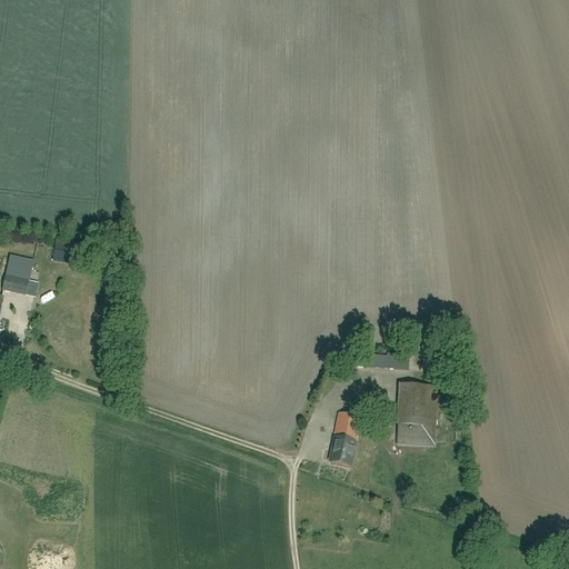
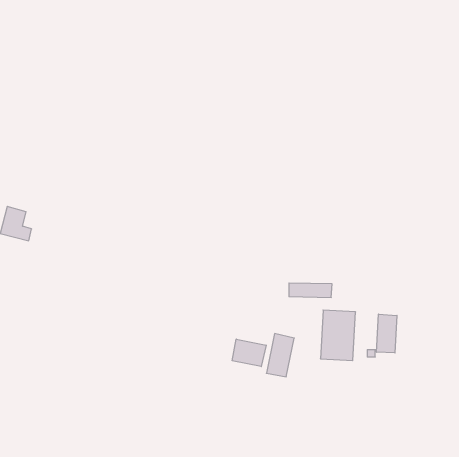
building: none -> [377,314,397,353]
building: none -> [232,339,266,367]

